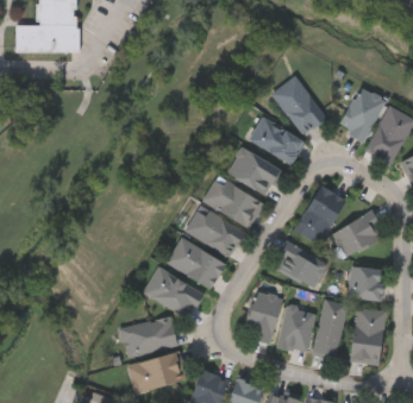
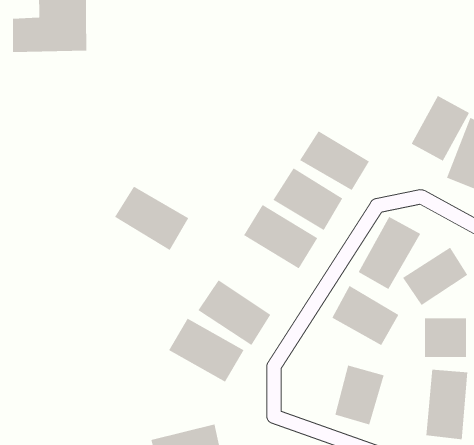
building: [270,75,327,134] -> none
building: [183,206,244,258] -> [114,186,189,251]
building: [243,290,281,341] -> none
building: [313,300,346,358] -> none
building: [119,316,179,358] -> none

